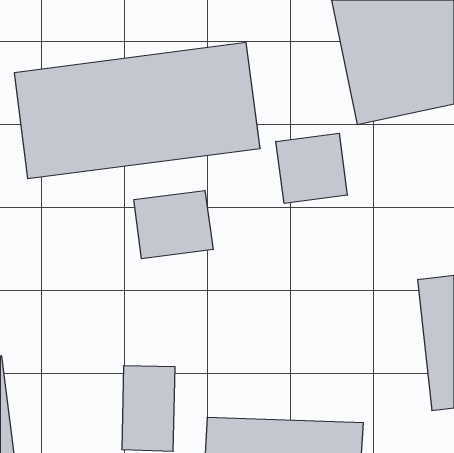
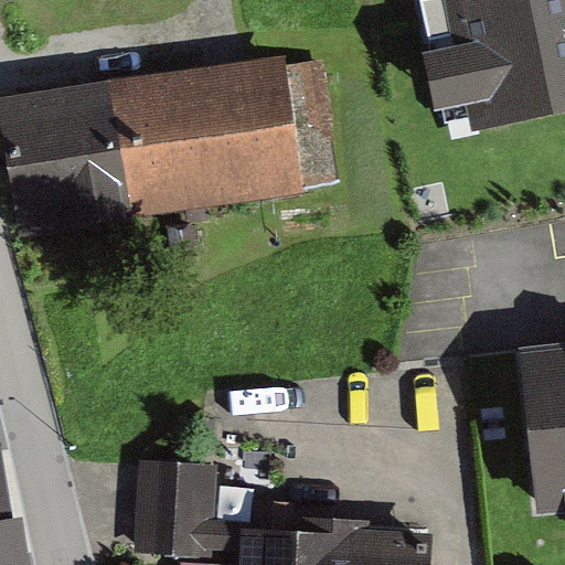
building: [276,133,347,203] -> none
building: [134,190,213,259] -> none

